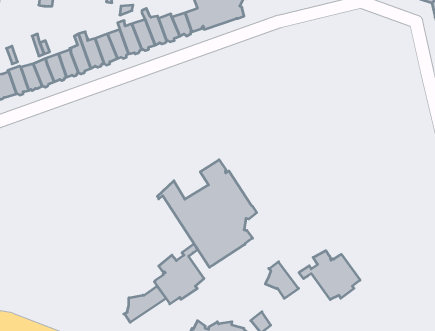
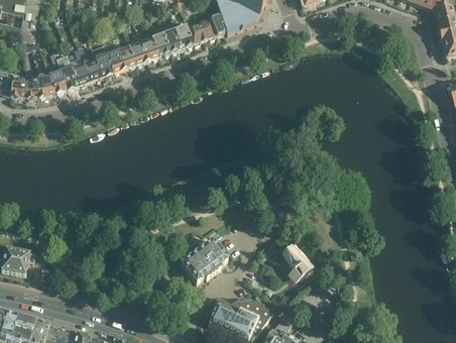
building: [157,160,257,267] -> none
building: [299,251,360,300] -> none
building: [124,286,166,322] -> none

